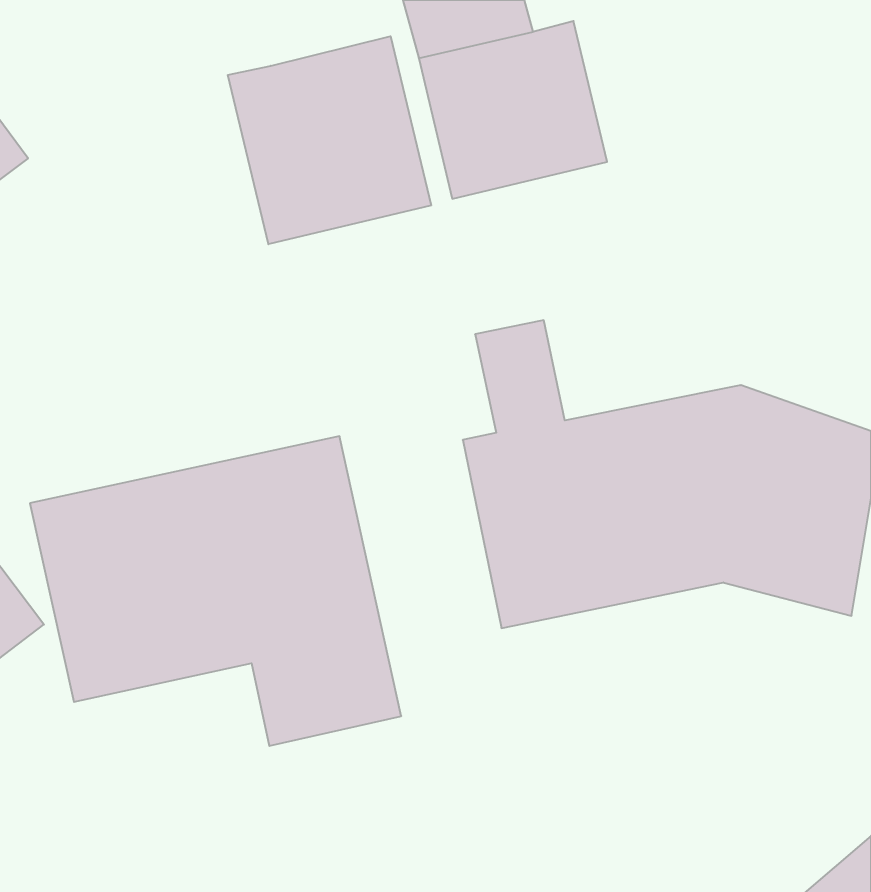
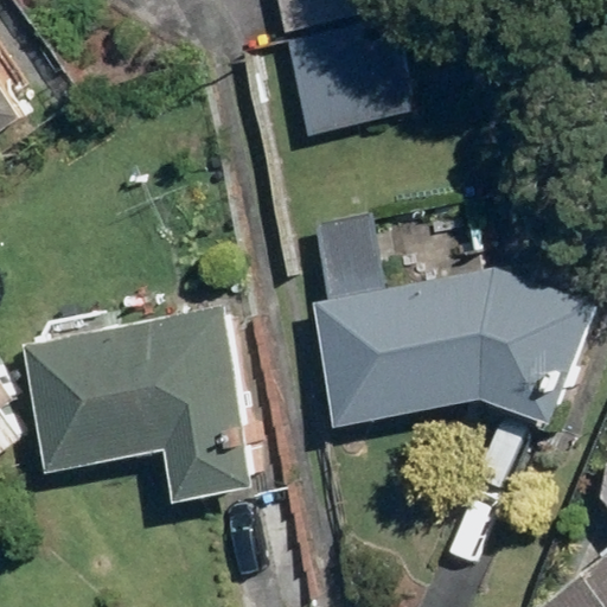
building: [228,36,431,244] -> none

